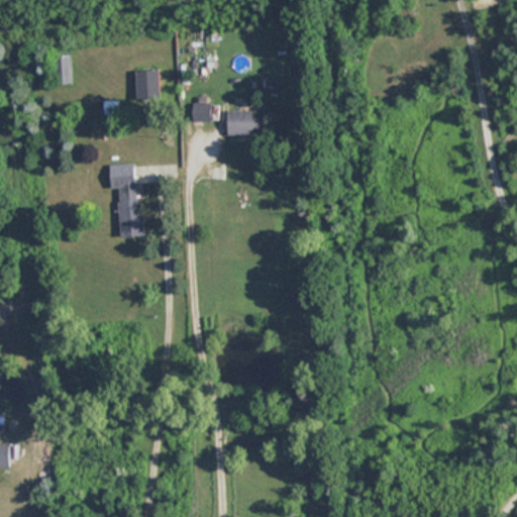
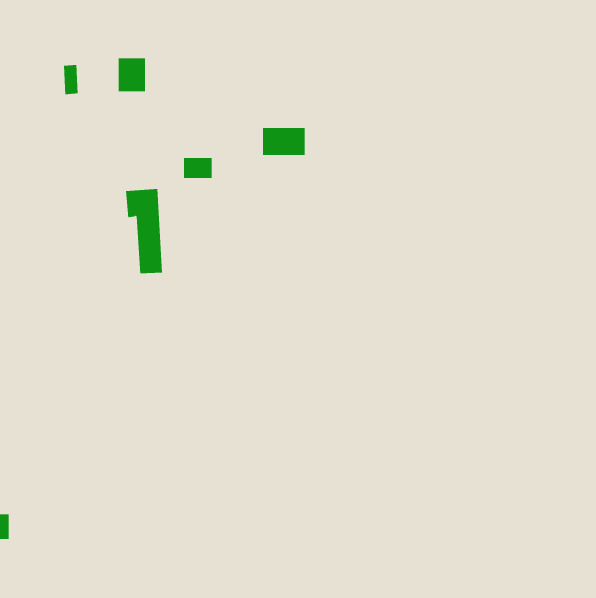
building: [136,70,161,99] -> [118,58,146,92]
building: [191,103,216,121] -> [183,157,213,178]

